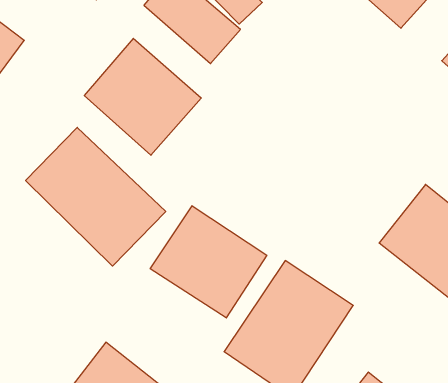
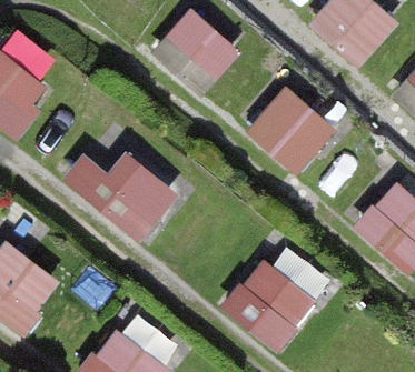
building: [84,38,201,155] -> [243,83,338,179]
building: [150,206,267,318] -> none

